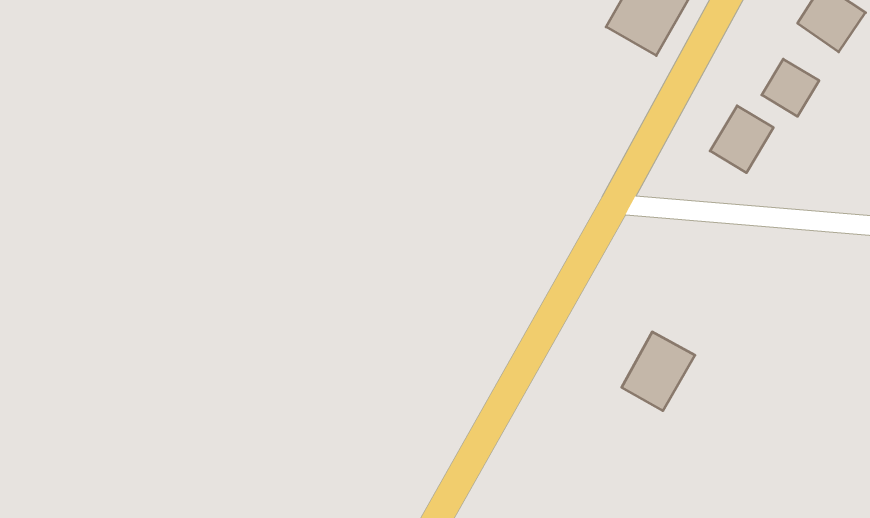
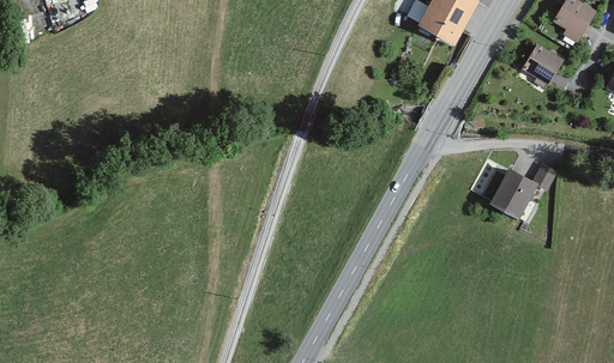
building: [710,106,773,173] -> none
building: [622,332,695,411] -> [490,167,540,219]

